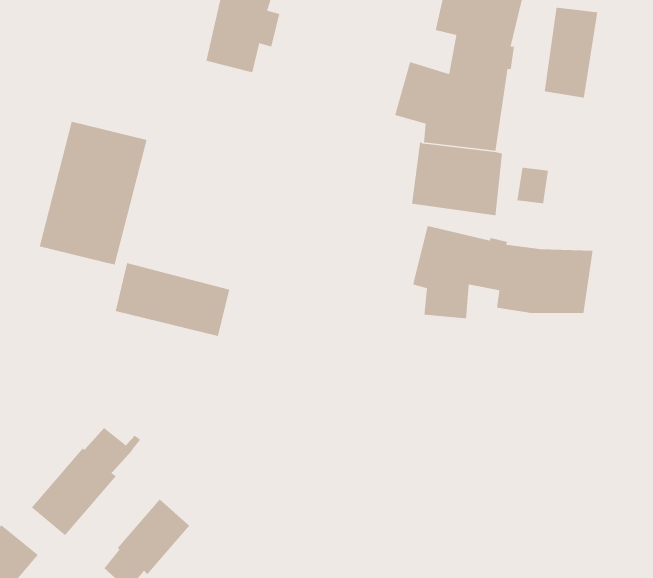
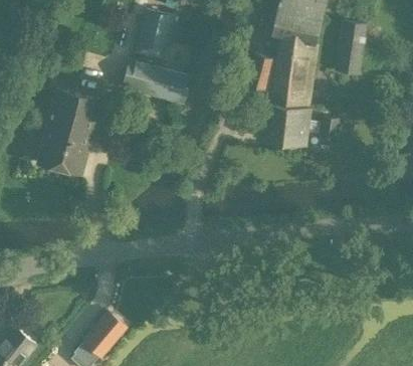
building: [412,225,593,319] -> none
building: [115,262,230,337] -> [124,59,192,104]
building: [31,427,141,536] -> none

